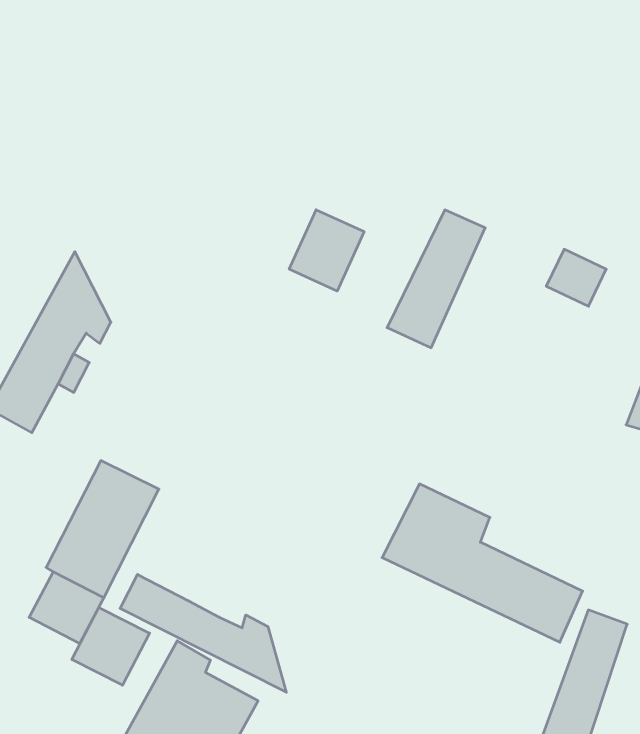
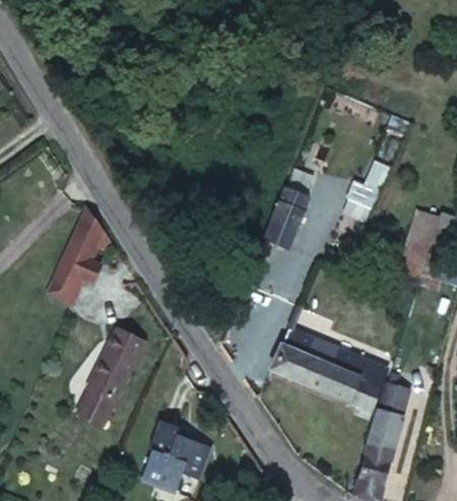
building: [289,210,364,291] -> none
building: [120,574,286,692] -> none
building: [72,607,150,685] -> none

